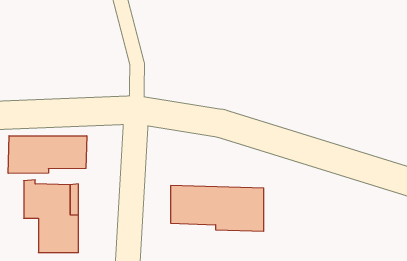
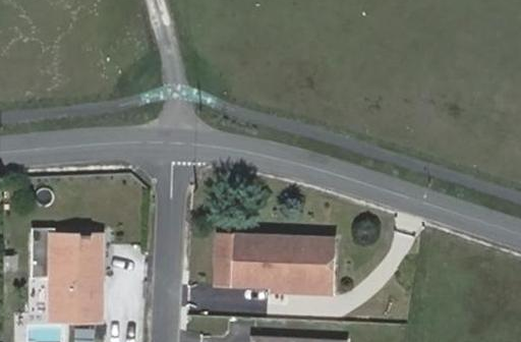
building: [8,136,87,173] -> none

